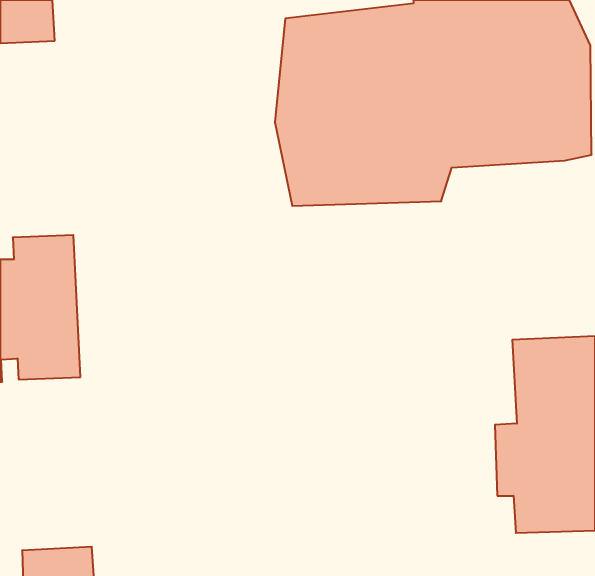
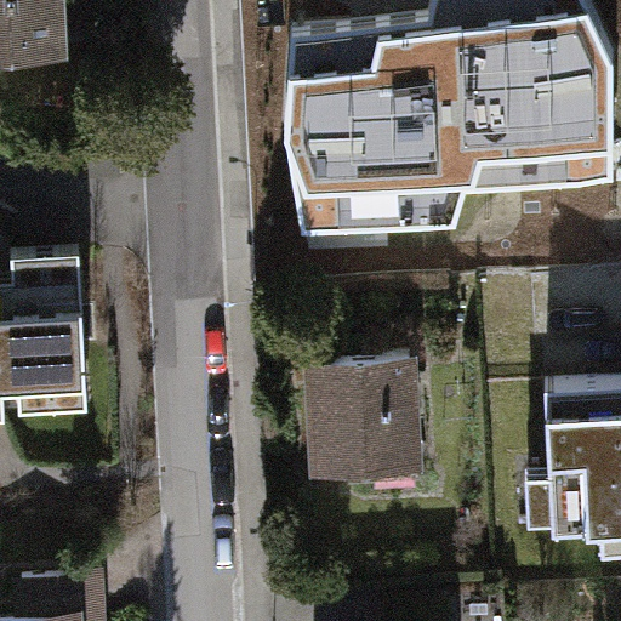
building: none -> [314,338,435,468]

